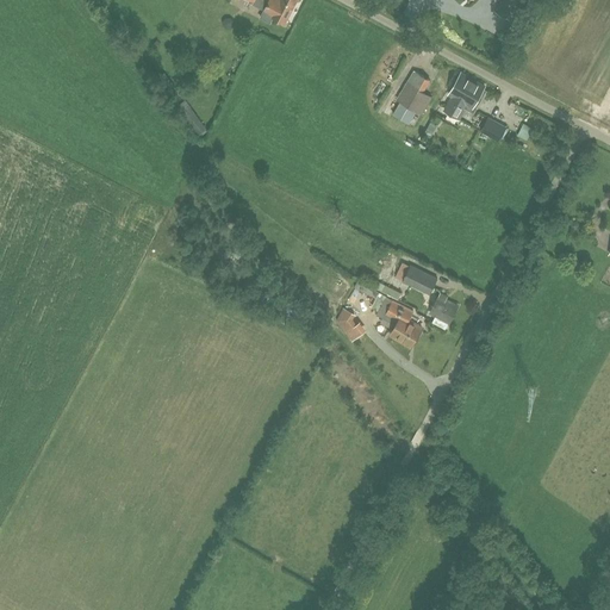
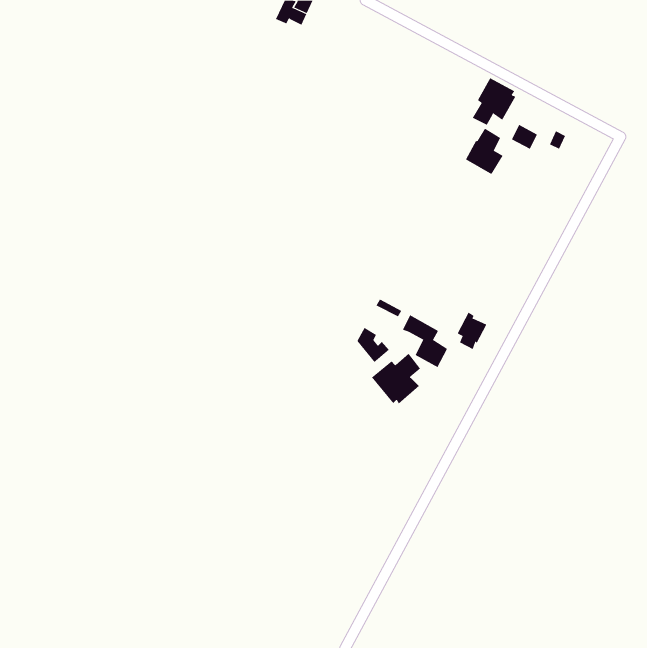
building: [396,70,431,114] -> [465,128,503,175]
building: [402,264,437,295] -> none
building: none -> [371,353,421,405]

